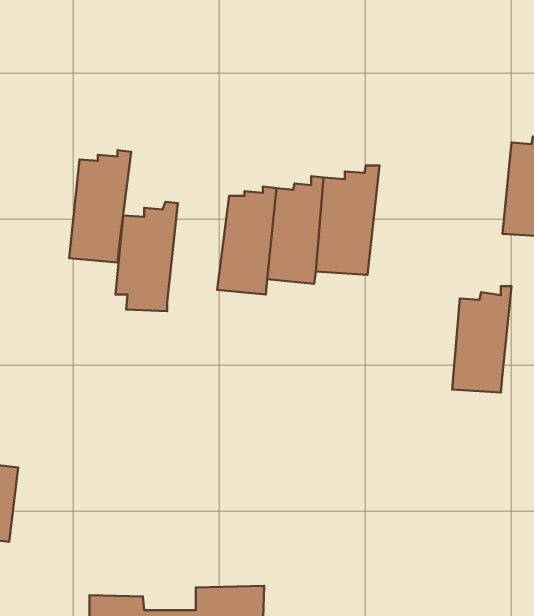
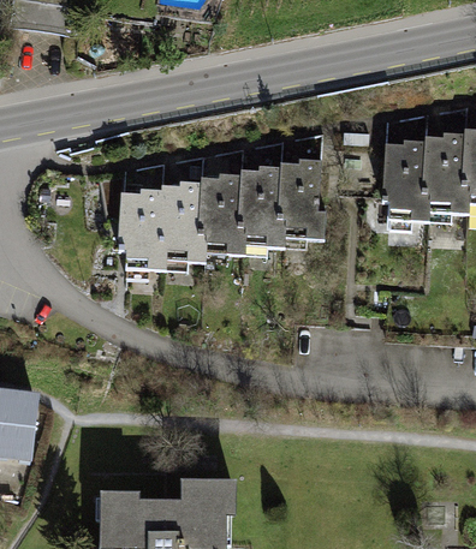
building: [69,150,131,263] -> [156,174,206,263]
building: [452,286,511,392] -> [382,133,429,217]

